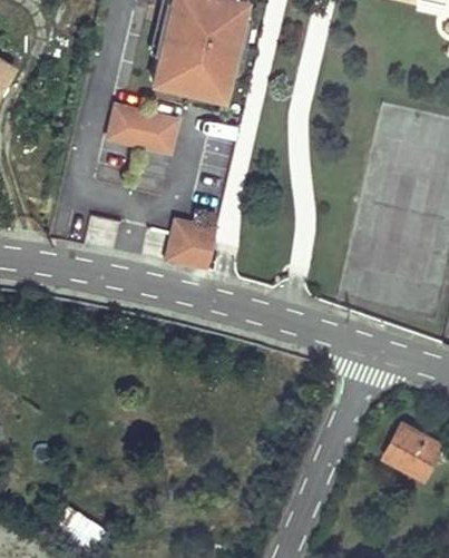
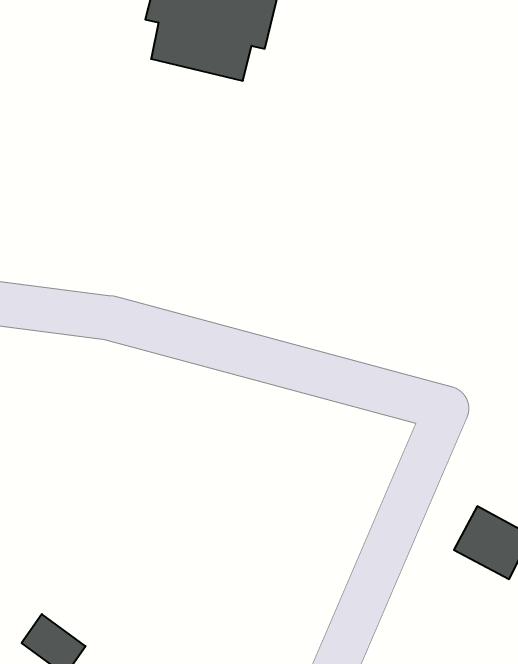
building: [107,106,178,155] -> none
building: [166,221,217,272] -> none

